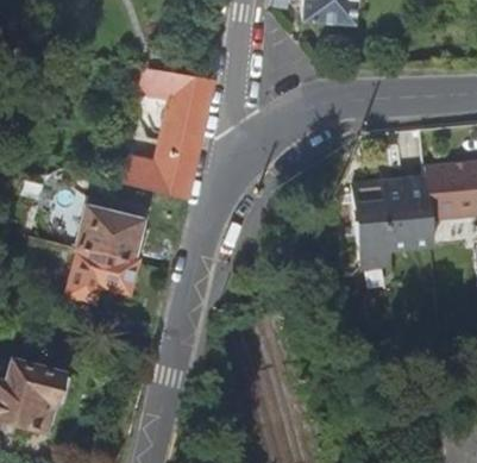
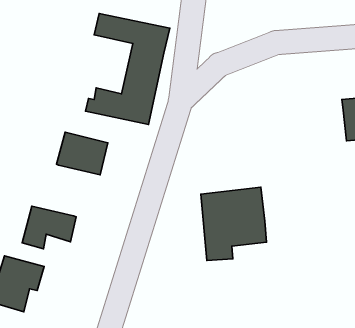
building: [354,176,435,267] -> [201,187,267,261]
building: [67,248,133,300] -> [22,206,76,249]

